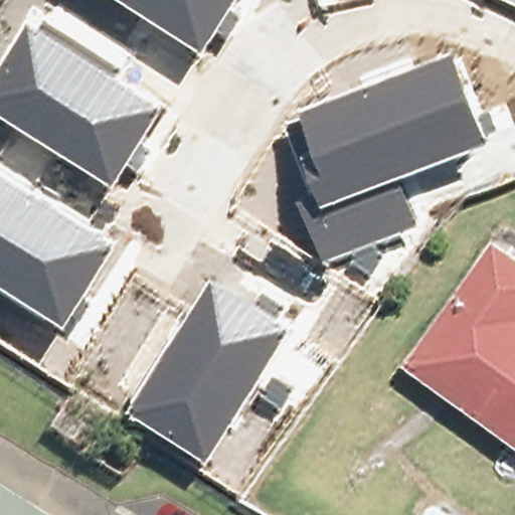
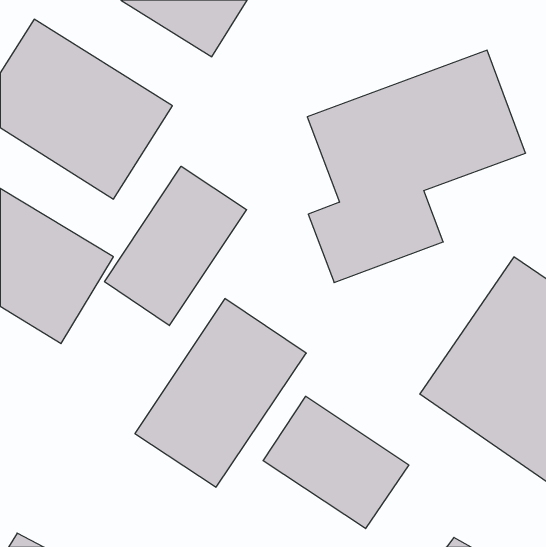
building: none -> [105,166,247,326]
building: none -> [263,396,409,529]

